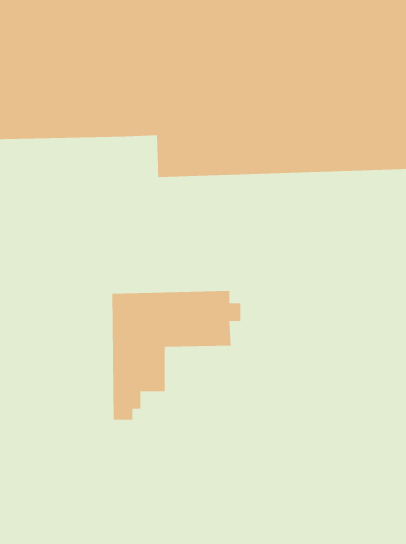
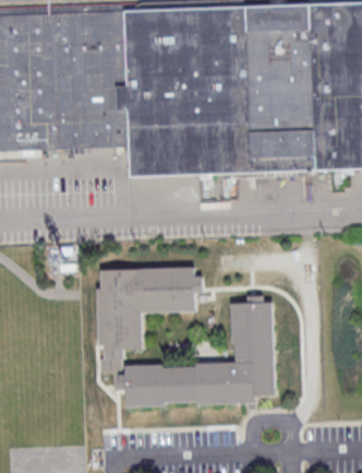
building: none -> [116,295,276,405]

